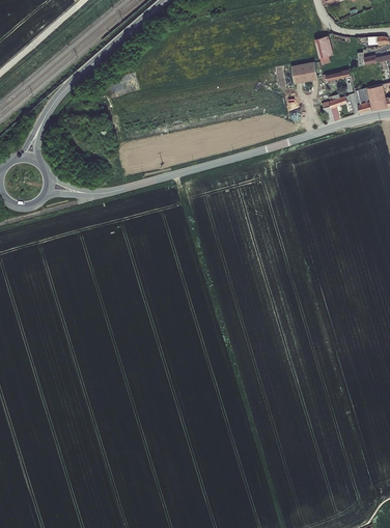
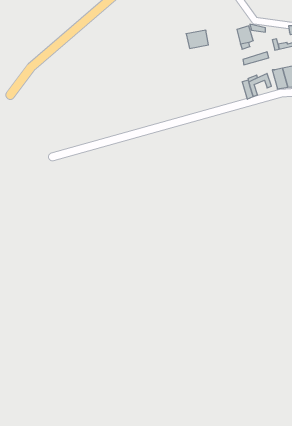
building: [291,61,318,83] -> [186,30,208,48]

